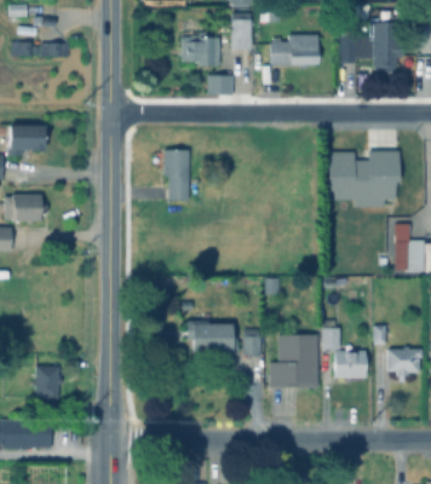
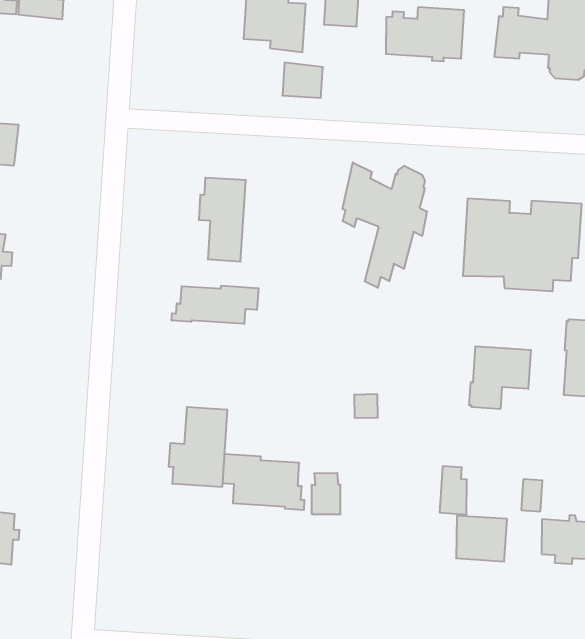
building: none -> [343,162,427,288]
building: none -> [172,286,258,324]
building: none -> [469,346,531,409]
building: none -> [169,407,227,487]
building: [269,335,317,387] -> none

